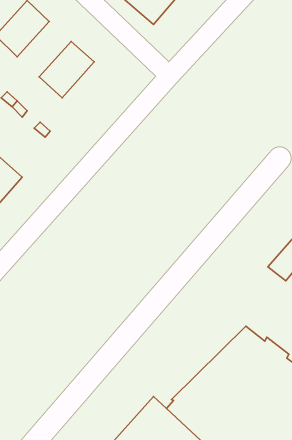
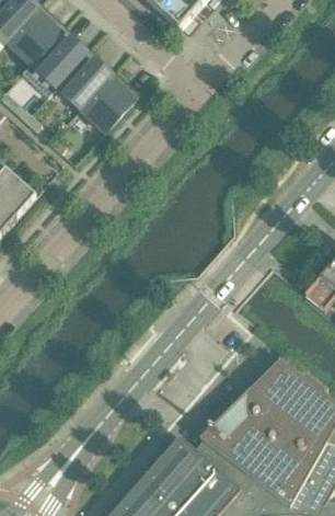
building: none -> [30,26,89,87]
building: none -> [79,70,139,131]

